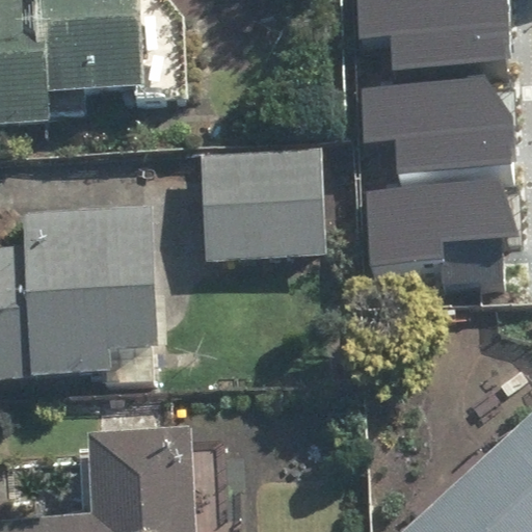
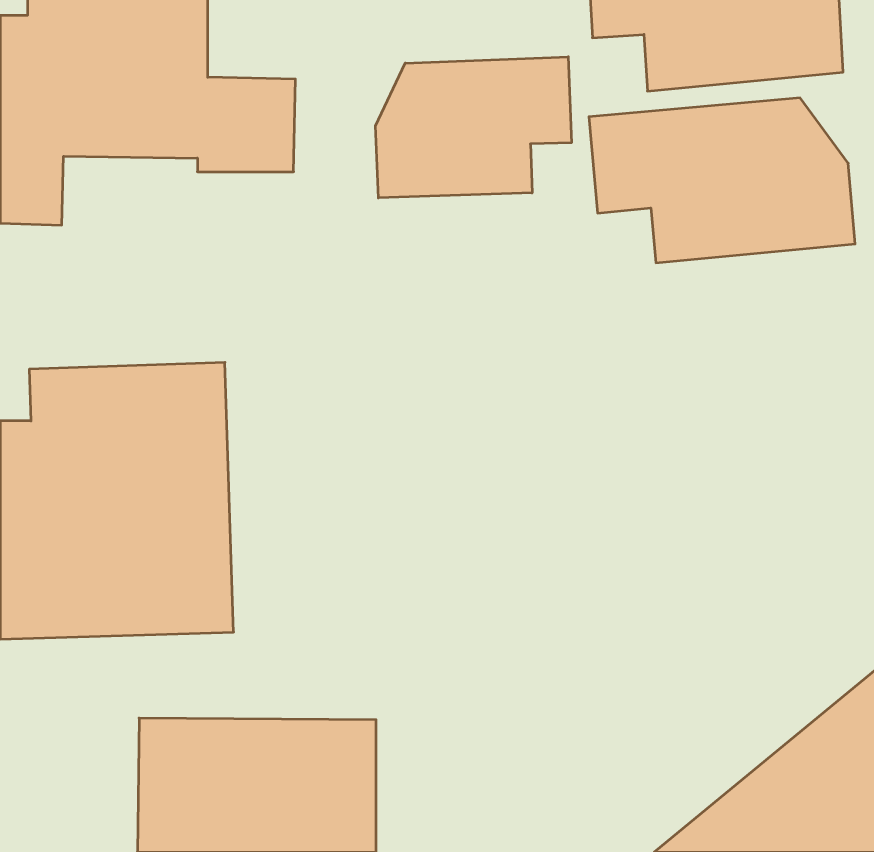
building: none -> [375,57,571,198]
building: [193,150,316,263] -> none
building: [365,161,521,277] -> none

